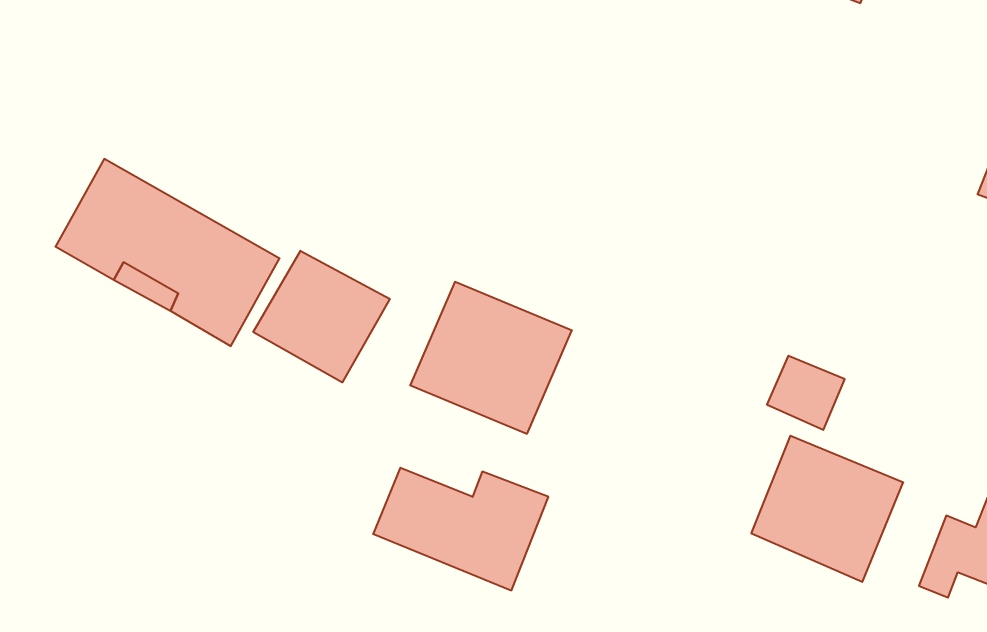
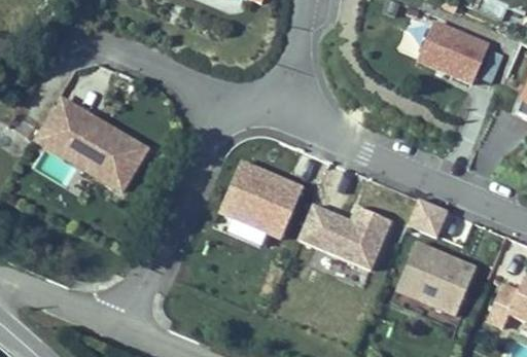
building: none -> [415,21,490,85]
building: [253,251,390,382] -> none
building: [373,468,548,590] -> [297,204,390,269]

